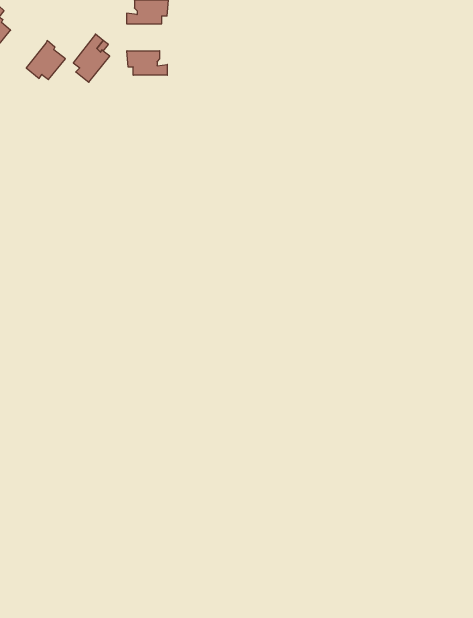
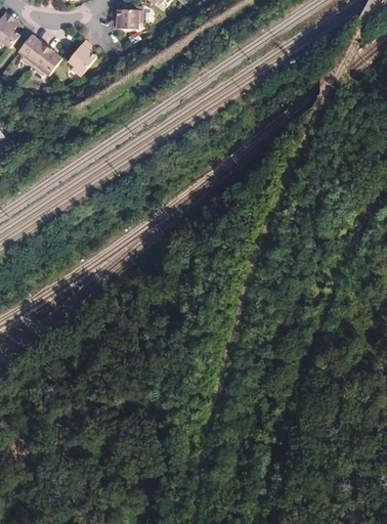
building: none -> [17,35,45,66]
building: [127,51,167,75] -> none

